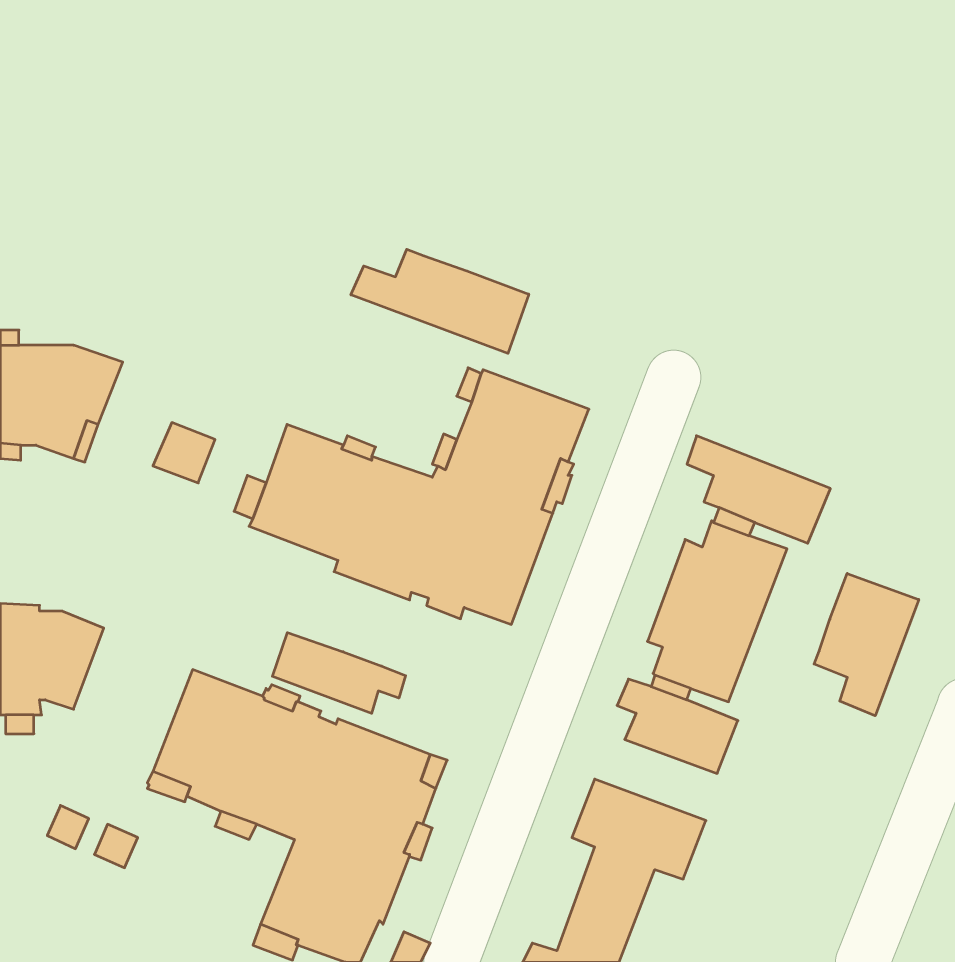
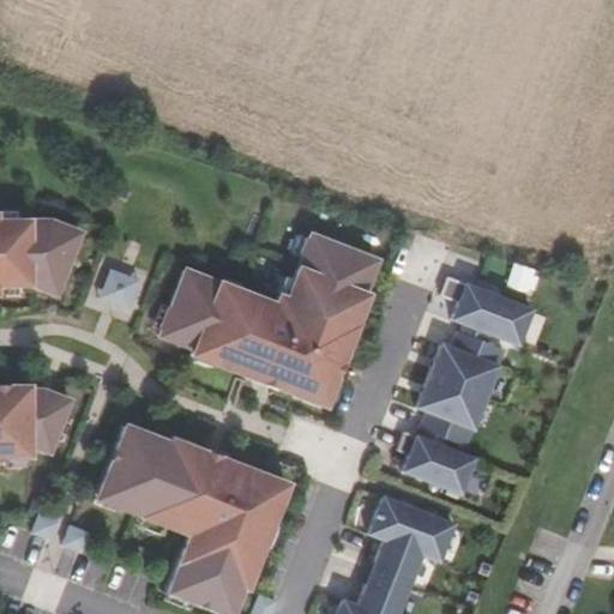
building: [351,249,529,353] -> none
building: [814,573,919,716] -> none
building: [272,633,406,713] -> none

